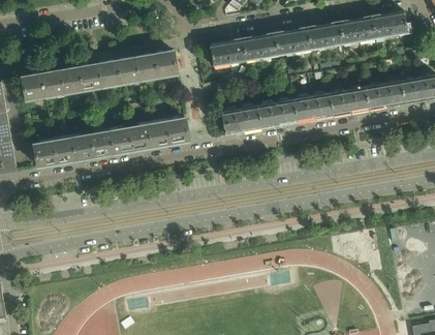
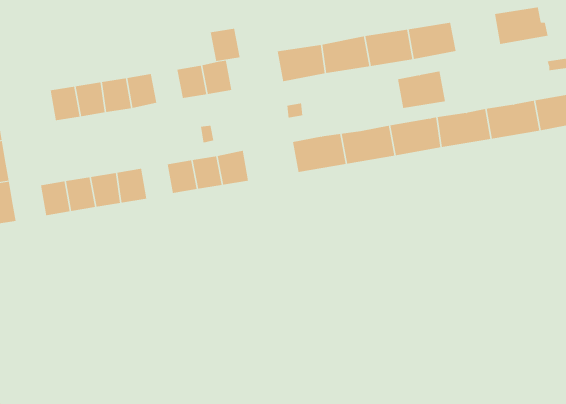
building: [338,17,374,44] -> [397,71,446,108]
building: [116,58,138,83] -> [210,28,241,62]
building: [22,73,44,99] -> none
building: [108,128,131,154] -> none

